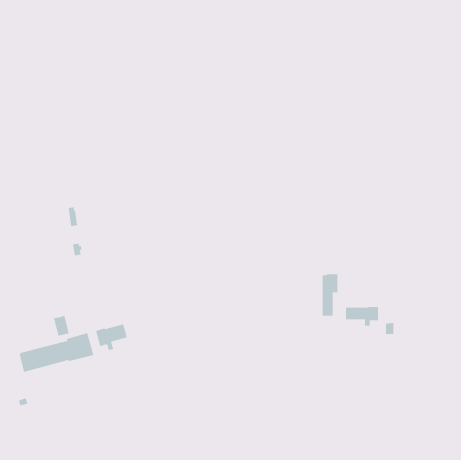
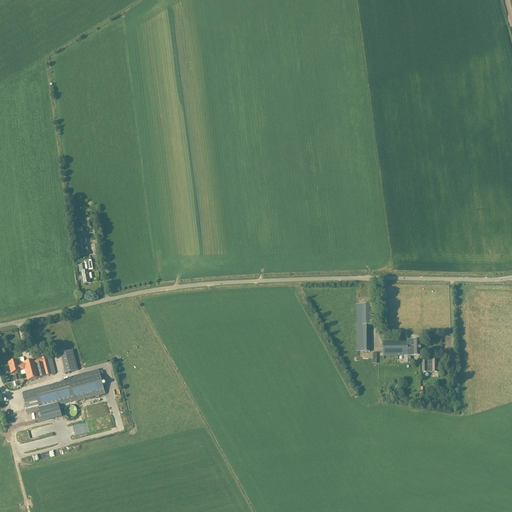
building: none -> [7,354,55,379]
building: [95,324,128,351] -> none

